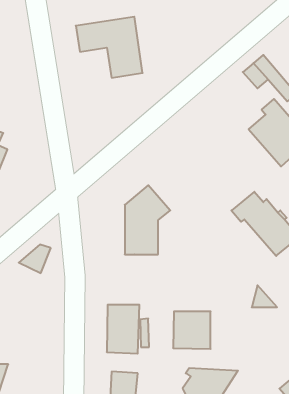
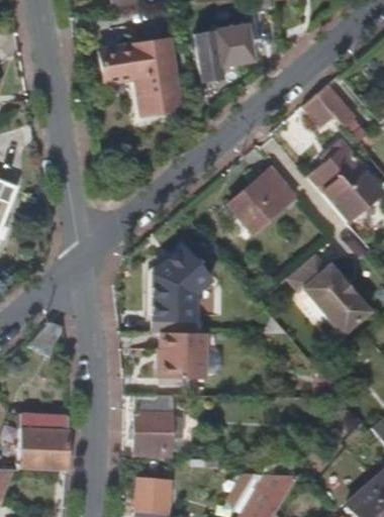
building: none -> [199,24,256,82]
building: none -> [228,167,297,233]
building: [173,311,211,349] -> [167,332,213,379]
building: none -> [18,413,67,469]

